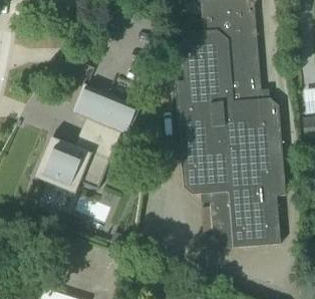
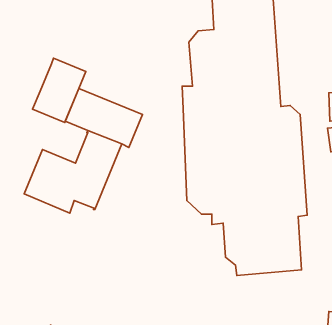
building: none -> [32,58,86,122]

